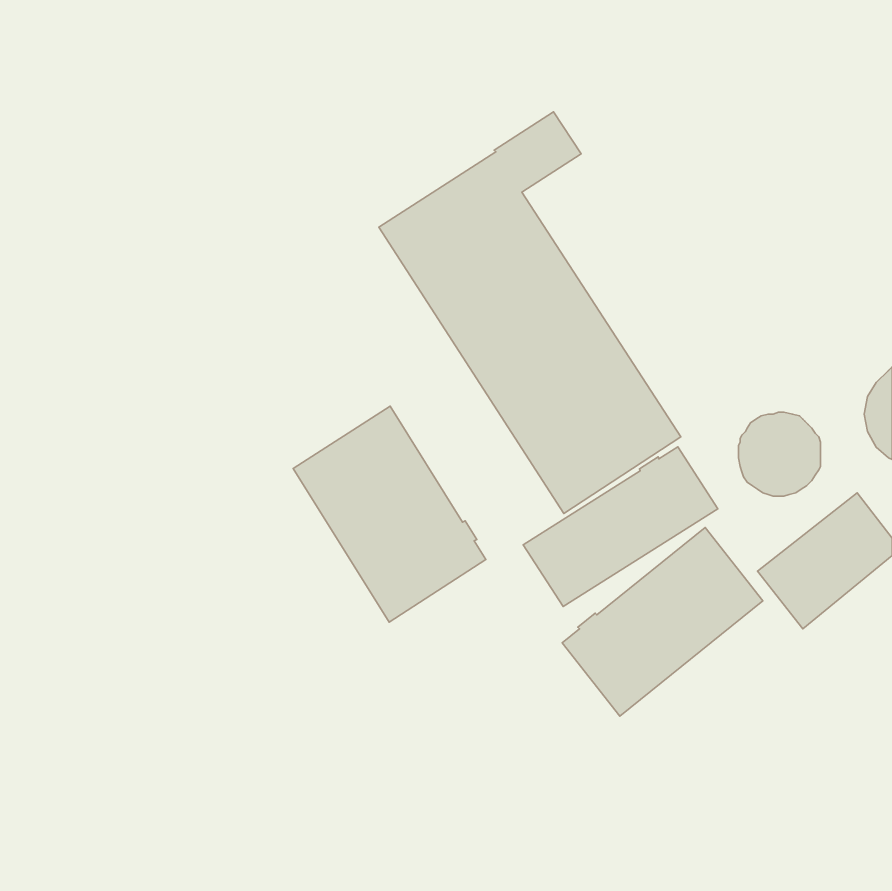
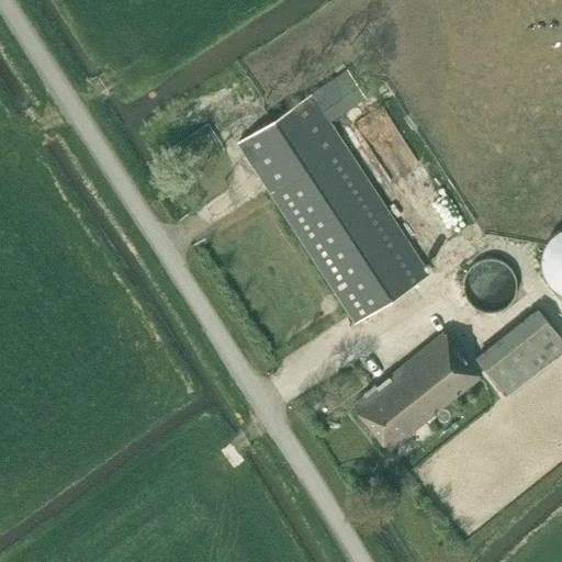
building: [293,406,486,622] -> none
building: [523,447,718,607] -> none

